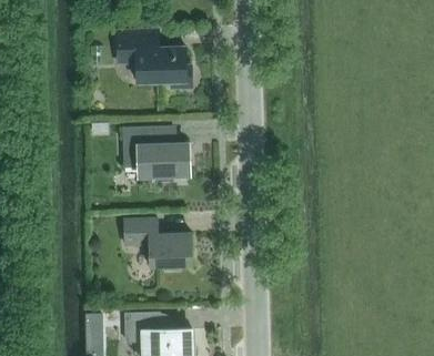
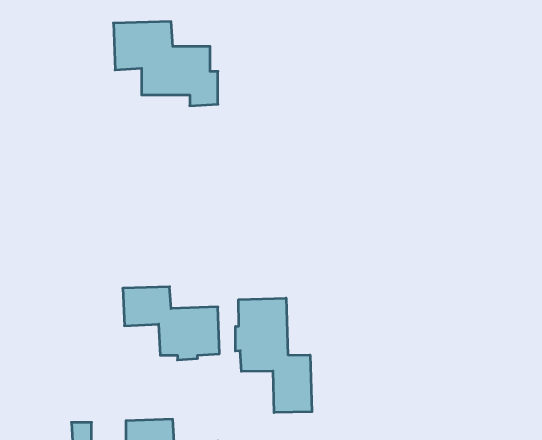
building: [122,125,190,180] -> none
building: none -> [235,298,312,413]

